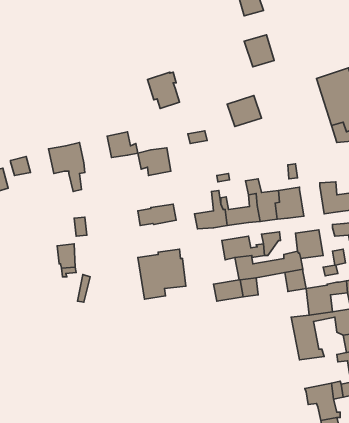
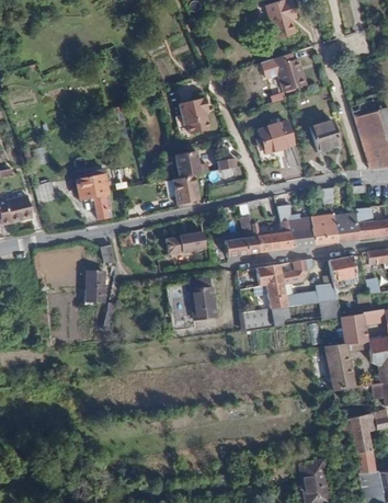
building: none -> [310,118,341,150]
building: [107,132,138,157] -> [175,149,207,175]
building: none -> [333,213,358,243]

